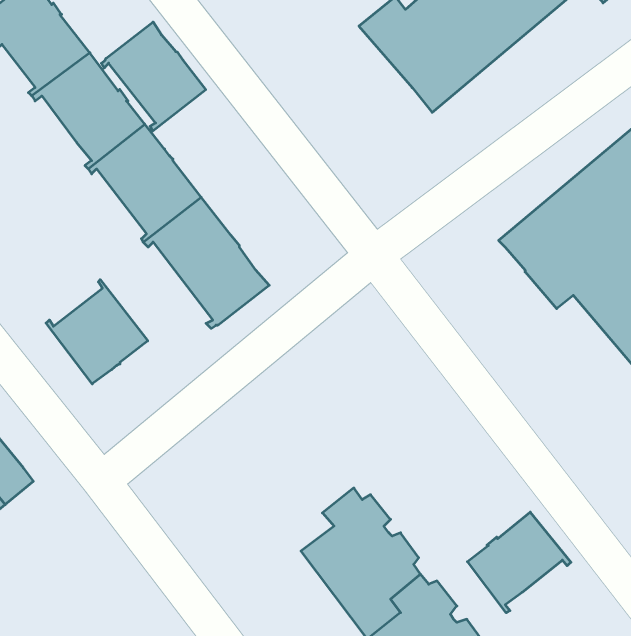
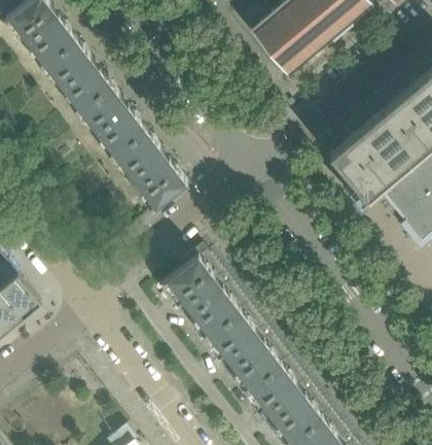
building: [101,22,206,131] -> none
building: [46,280,148,384] -> none
building: none -> [157,253,239,348]
building: [467,512,571,613] -> none

